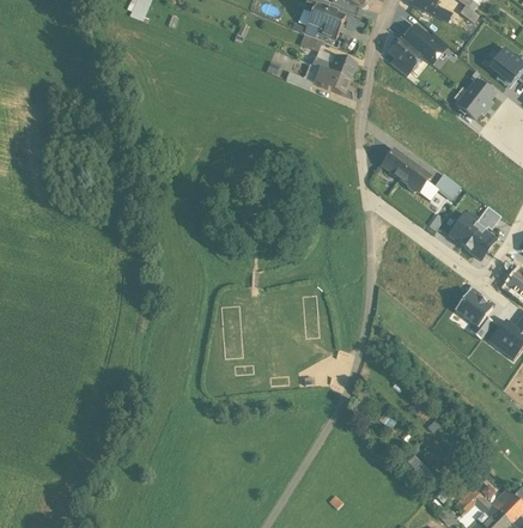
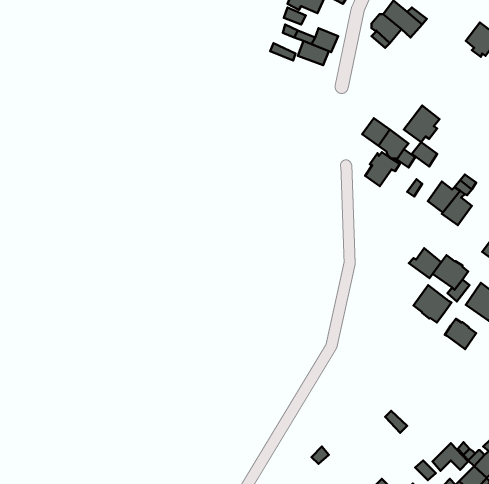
building: [457,79,494,117] -> [404,105,439,142]
building: none -> [365,152,400,186]
building: none -> [409,248,441,278]
building: none -> [414,285,451,323]
building: none -> [445,319,476,349]

